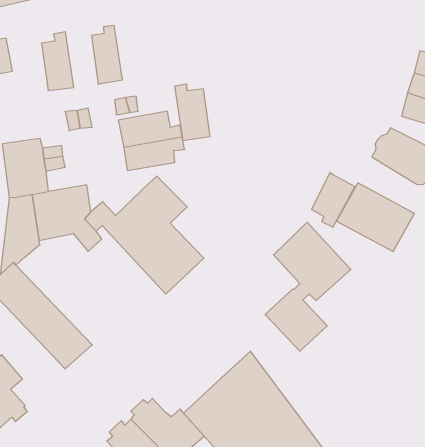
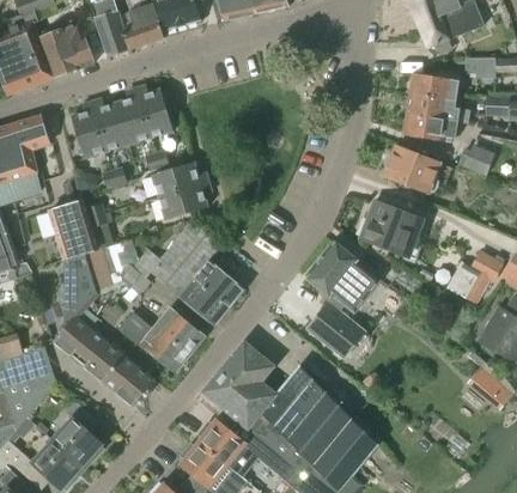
building: none -> [92,97,128,150]
building: [175,84,210,141] -> [135,85,174,136]
building: [312,172,355,227] -> none
building: none -> [122,306,205,371]
building: none -> [202,341,276,430]

